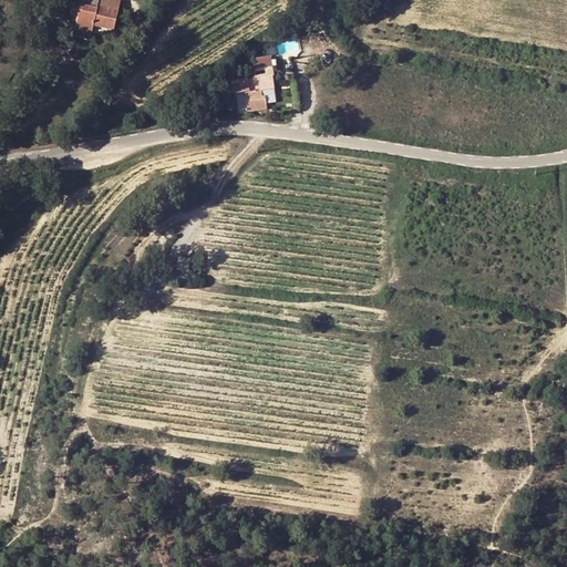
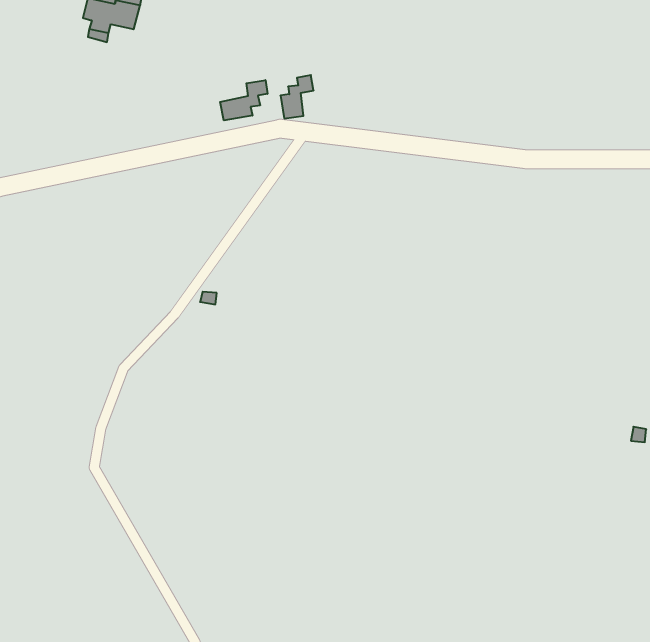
building: none -> [220,80,267,120]

